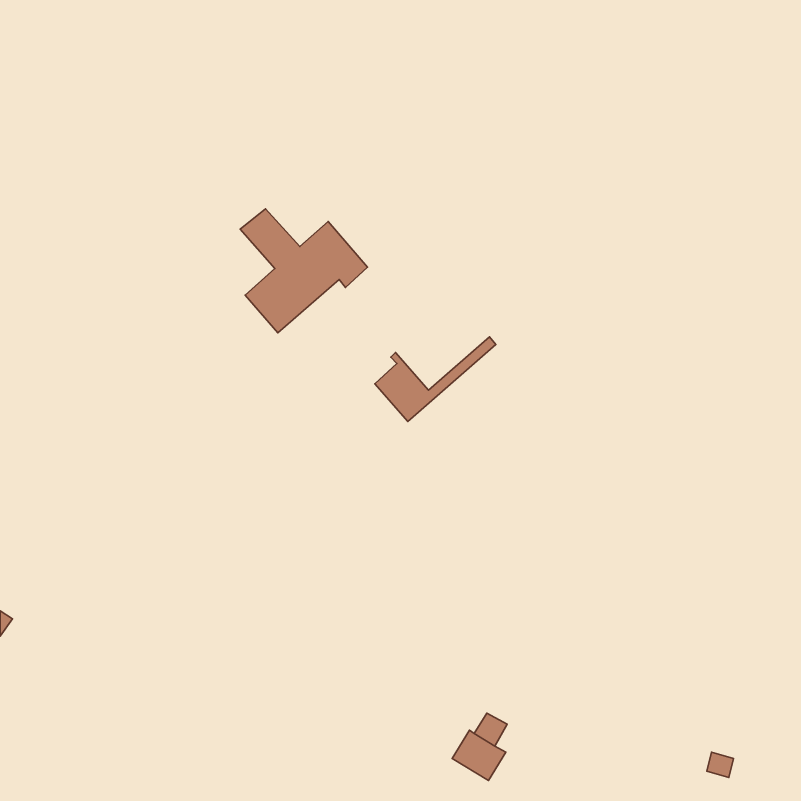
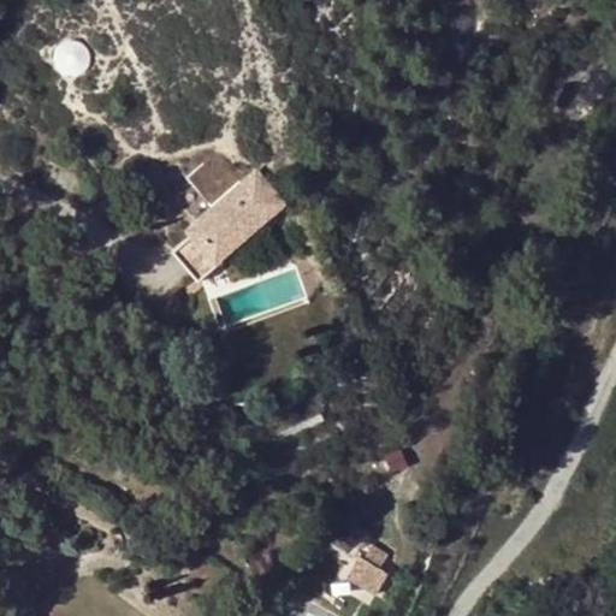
building: [375,337,496,422] -> [173,214,266,279]

